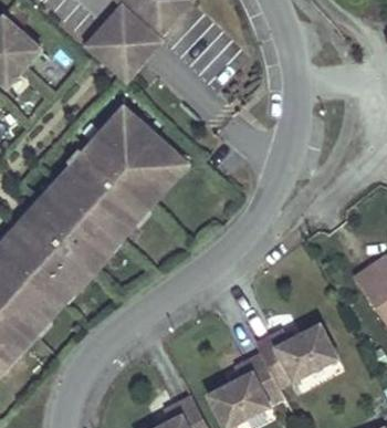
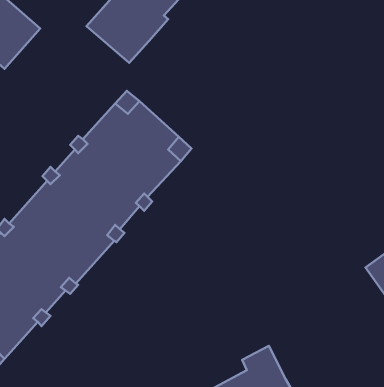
building: [255,322,335,384] -> none

